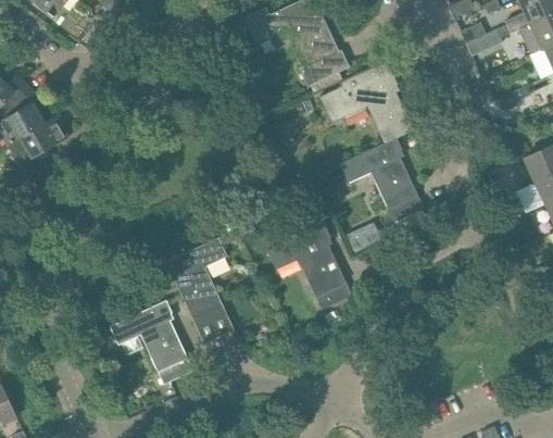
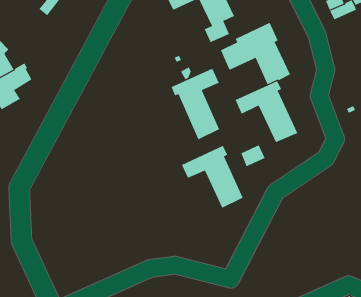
building: none -> [171,68,220,140]
building: [162,237,234,343] -> none
building: [110,299,193,403] -> none

